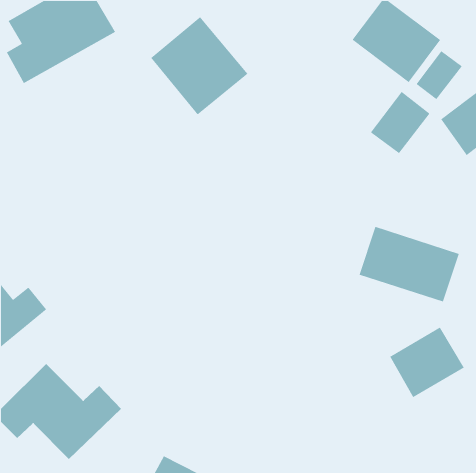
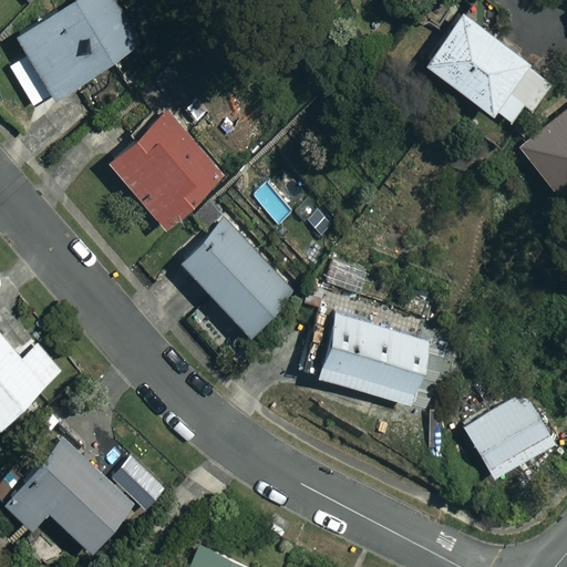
building: [150,16,248,116] -> [109,113,224,229]
building: [370,91,431,154] -> none
building: none -> [182,207,293,336]
building: [359,226,460,303] -> [313,316,432,405]

